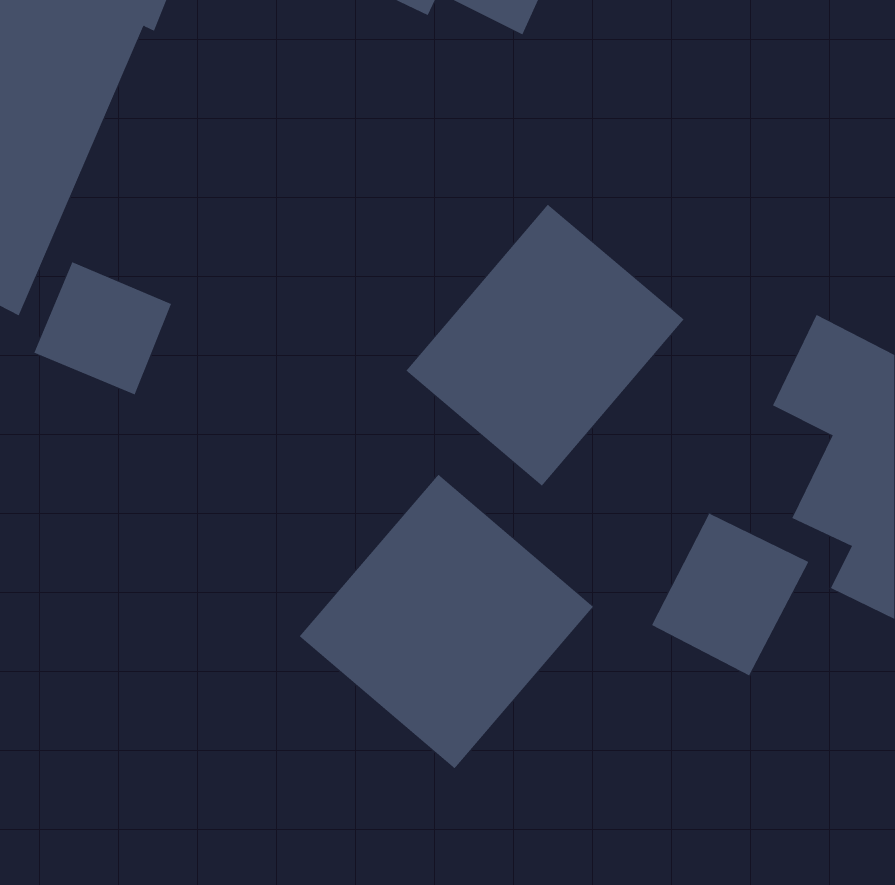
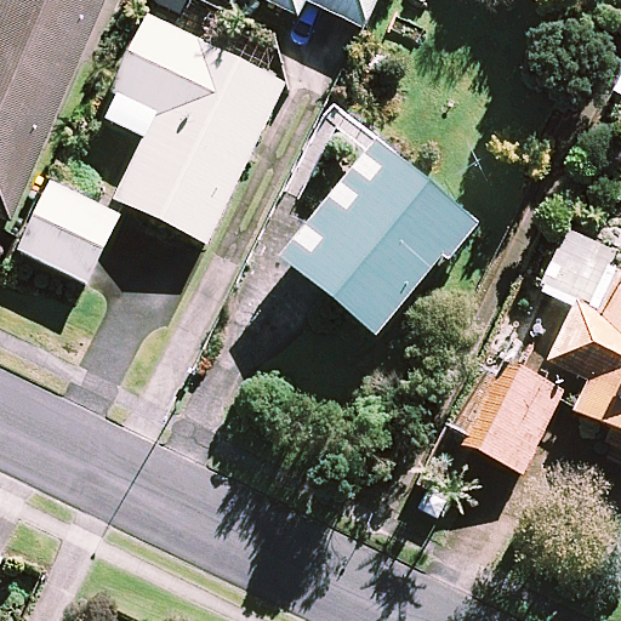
building: none -> [112,13,284,239]
building: [299,474,594,769] -> none

